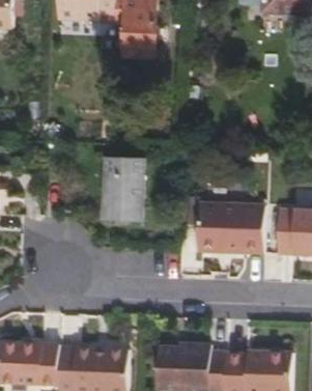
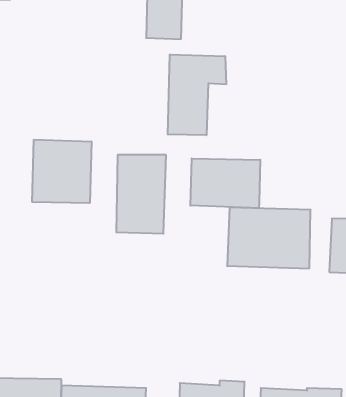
building: none -> [168,54,226,135]
building: none -> [32,140,91,203]
building: none -> [190,158,260,208]

